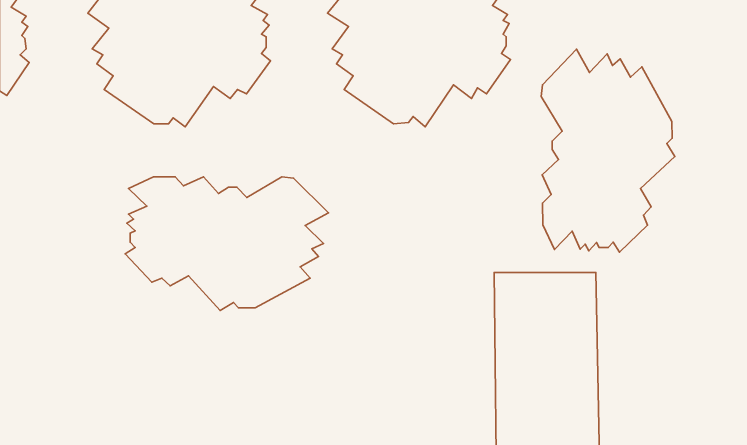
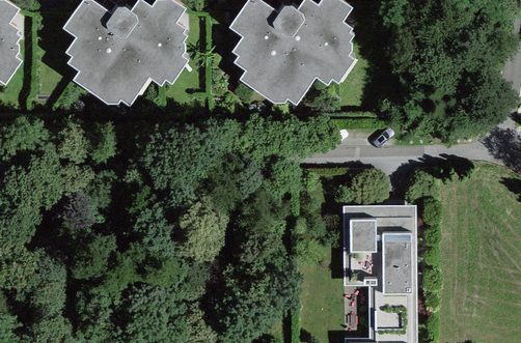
building: [541,49,675,252] -> none
building: [125,177,328,310] -> none

